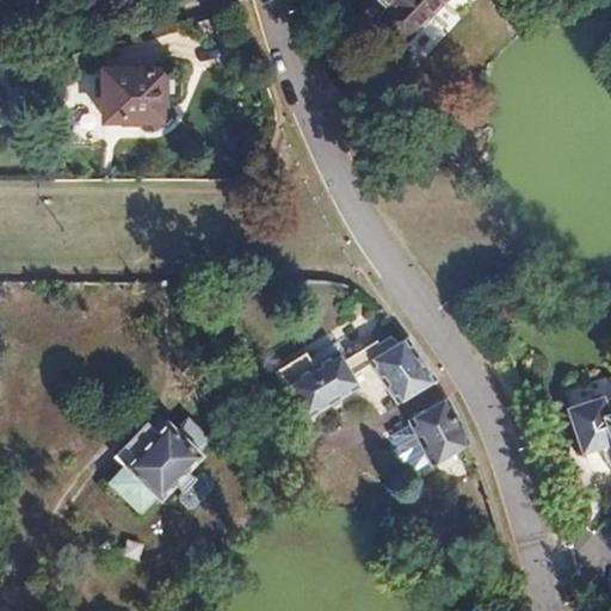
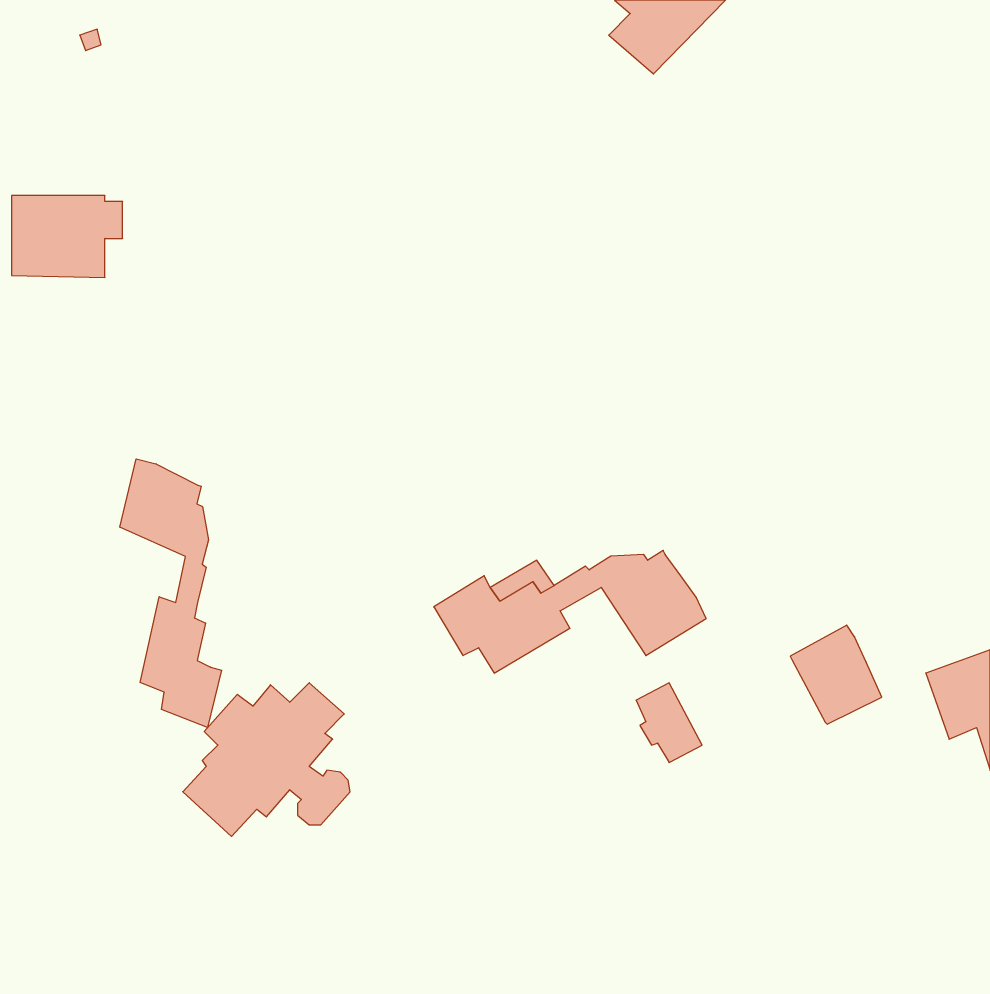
building: [103,70,171,121] -> [12,196,123,277]
building: none -> [120,459,221,728]
building: [409,397,465,458] -> [790,625,882,724]

